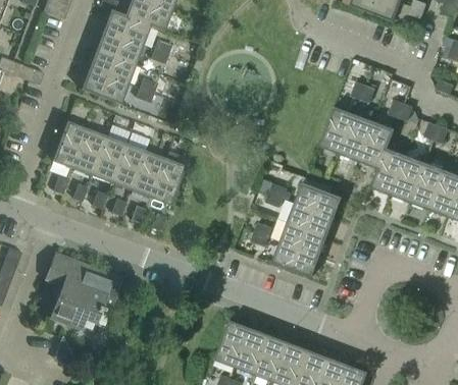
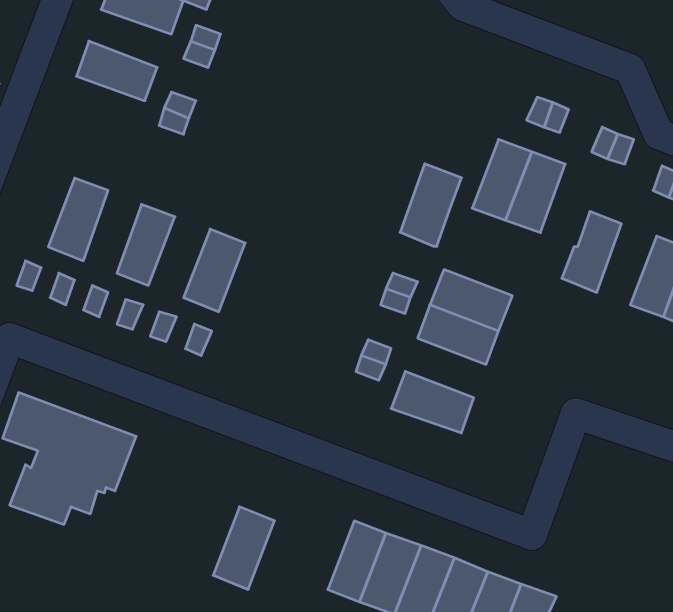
building: [96,31,144,64] -> none
building: [82,69,129,104] -> none
building: [358,120,394,168] -> [400,164,462,246]
building: [52,121,88,168] -> none
building: [93,135,126,183] -> none
building: [131,151,166,198] -> none
building: [391,155,425,202] -> none
building: [279,221,326,256] -> none
building: [214,319,250,367] -> [213,507,275,589]

